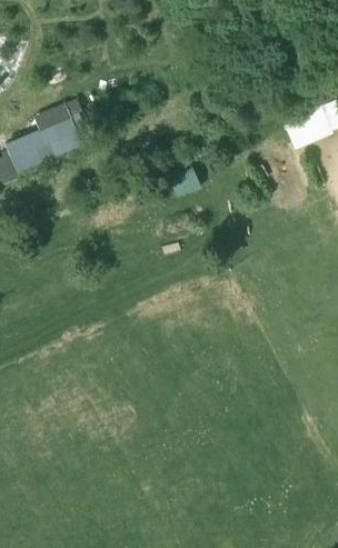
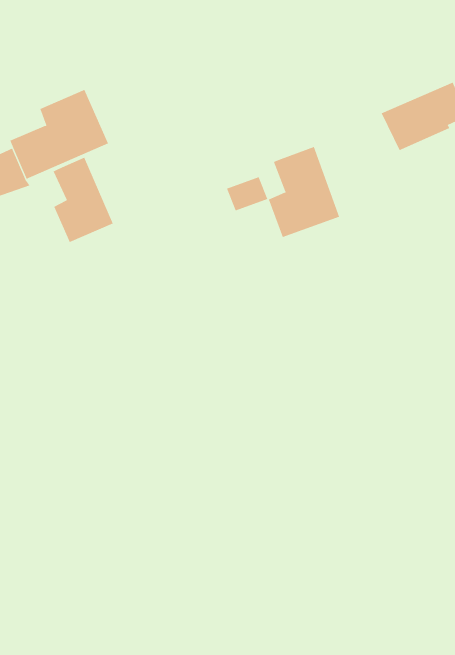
building: none -> [268,146,340,238]
building: none -> [53,157,114,243]

